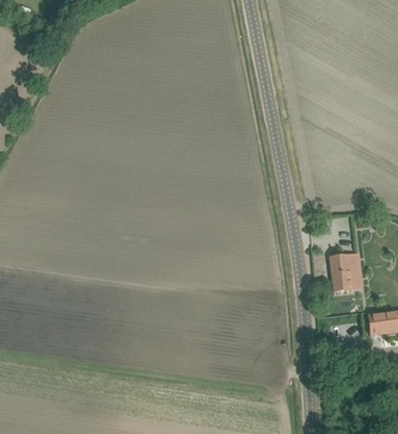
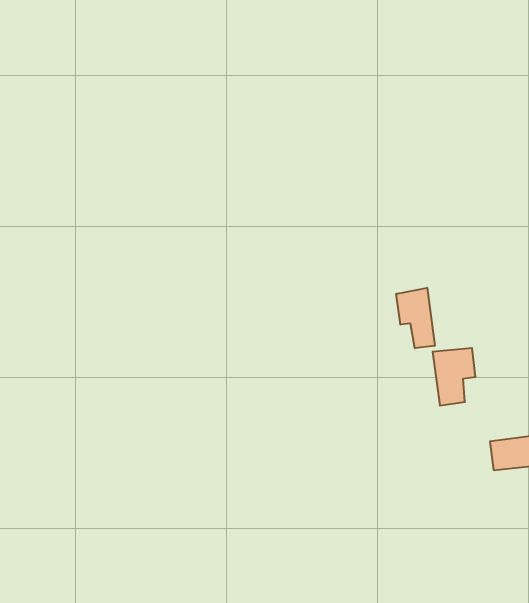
building: none -> [396,288,435,348]

